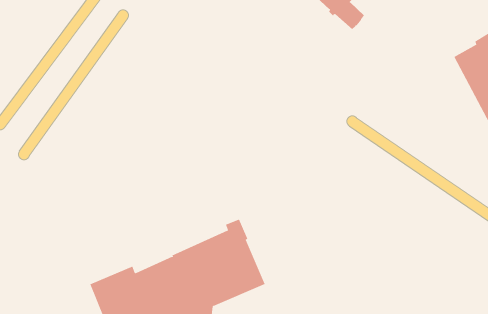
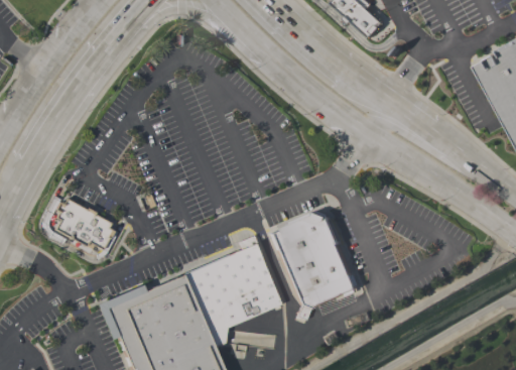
building: none -> [56,199,115,250]
building: none -> [272,210,361,320]

